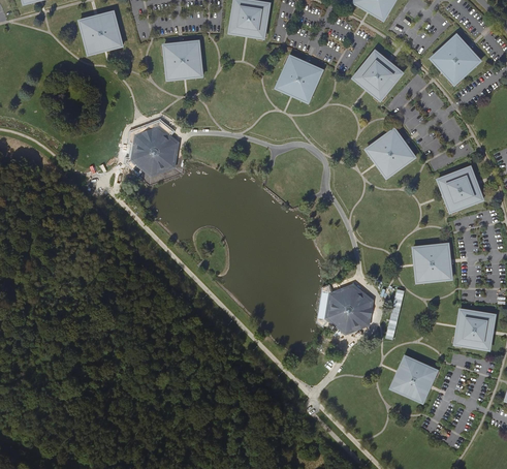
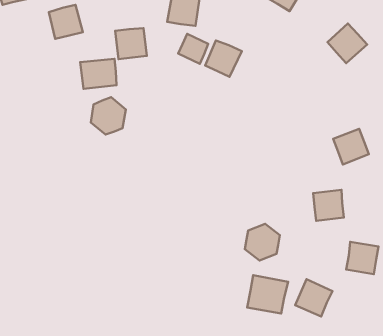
building: none -> [178,34,208,64]
building: [353,50,404,99] -> none
building: none -> [80,59,116,89]
building: [366,128,416,178] -> none
building: none -> [247,275,288,314]

